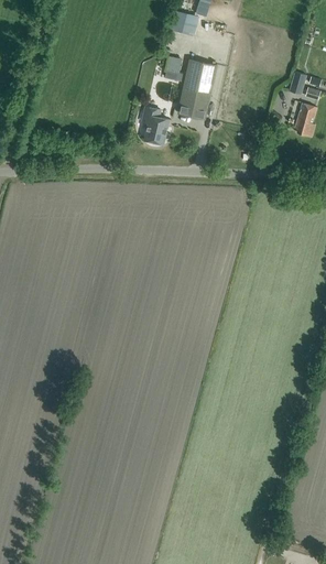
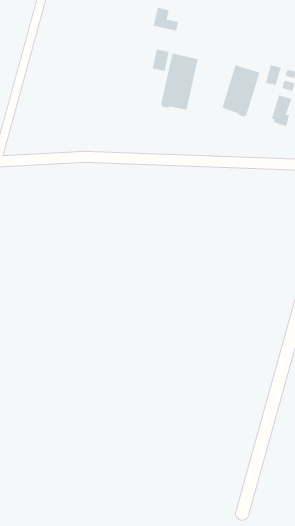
building: none -> [222,65,260,118]
building: [141,106,171,145] -> none

